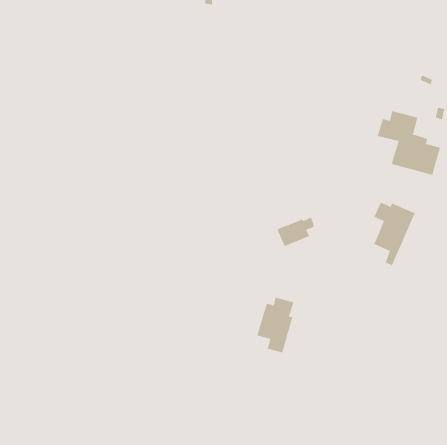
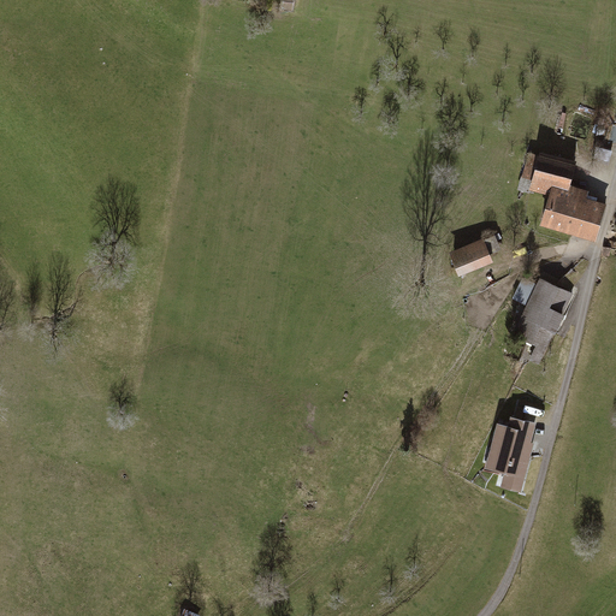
building: [276,217,315,247] -> [446,236,499,277]
building: [256,297,294,353] -> [484,415,535,492]

